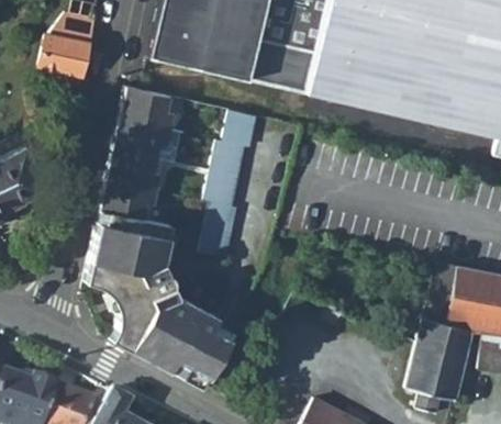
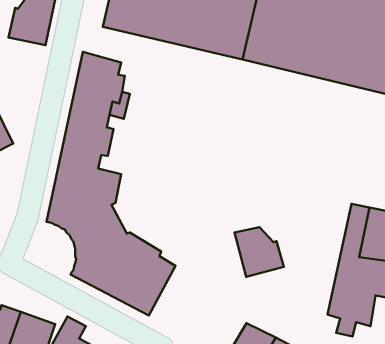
building: [201,110,259,258] -> none
building: none -> [235,227,284,277]

